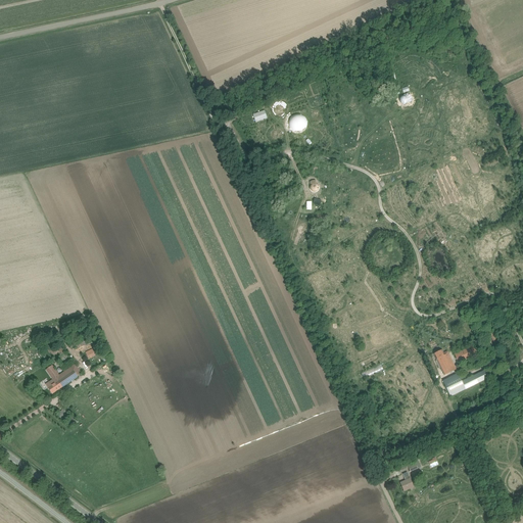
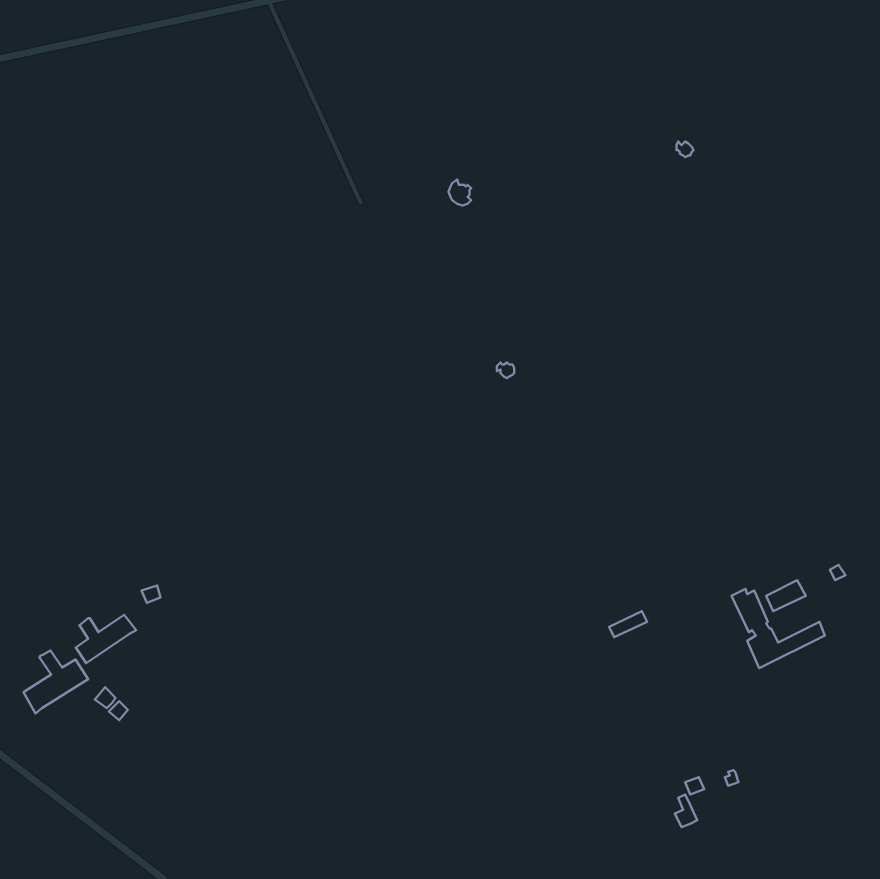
building: none -> [24,651,88,714]

